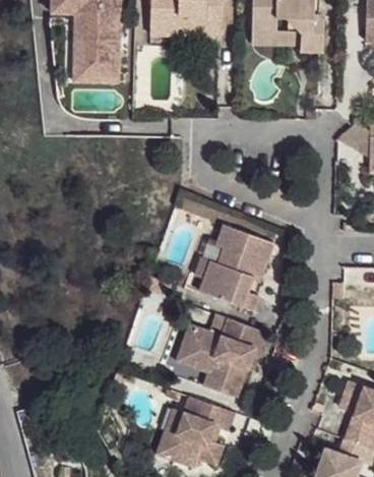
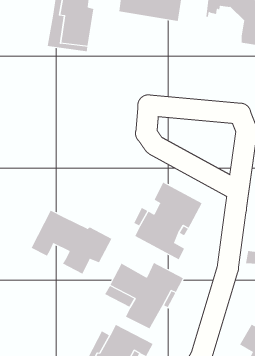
building: [253,21,298,44] -> none
building: none -> [31,210,112,275]

